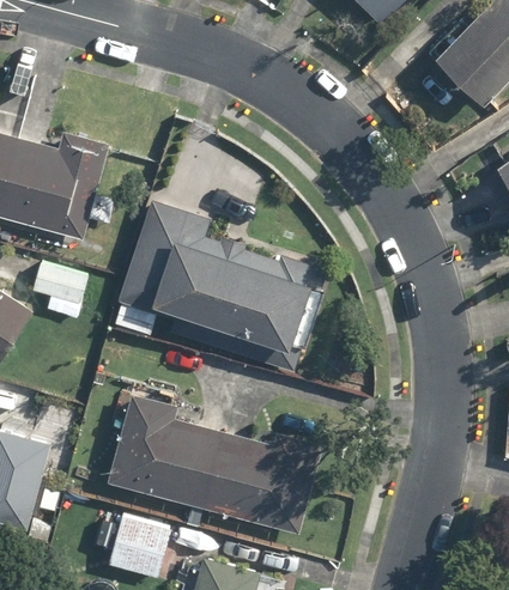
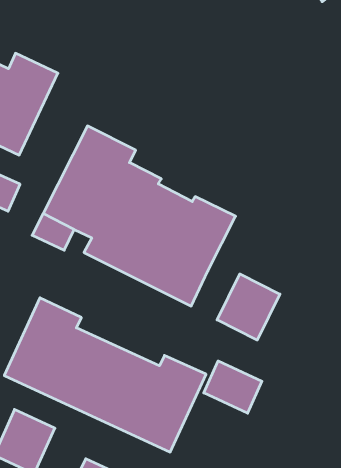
building: none -> [217,274,280,340]
building: none -> [204,361,262,413]

